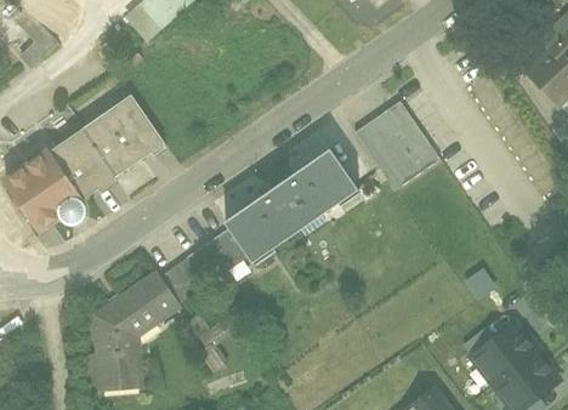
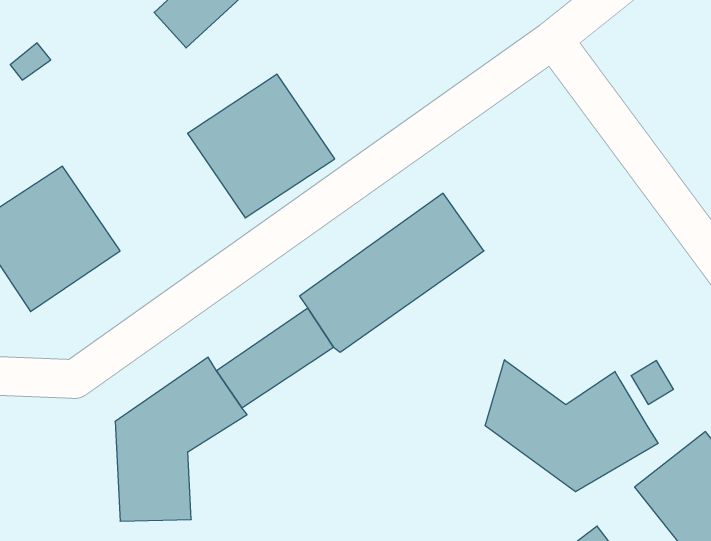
building: [55,86,160,189] -> [188,74,335,218]
building: [360,106,443,192] -> none
building: none -> [485,360,658,492]

